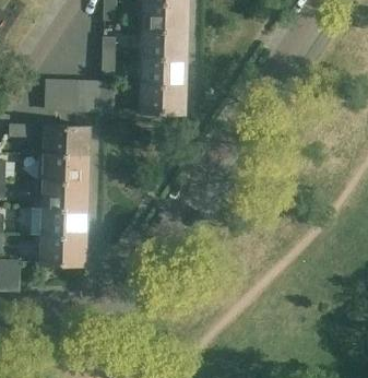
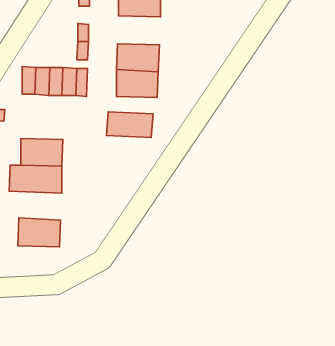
building: [142,31,186,60] -> none
building: [44,127,87,156] -> none
building: none -> [106,112,153,137]
building: [29,209,85,238] -> none

